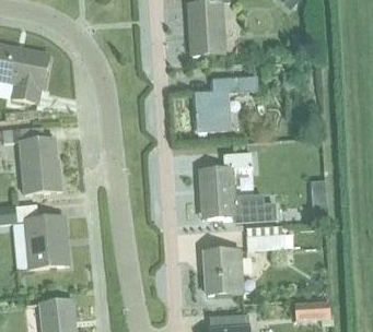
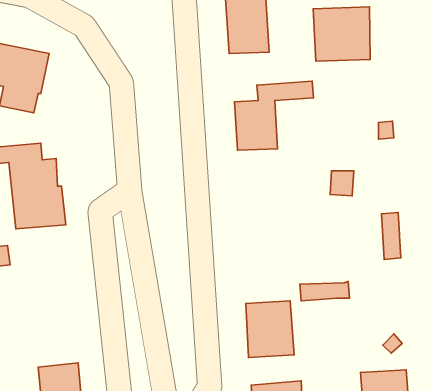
building: none -> [313,7,370,61]
building: [198,153,275,223] -> none
building: [24,215,68,268] -> none

